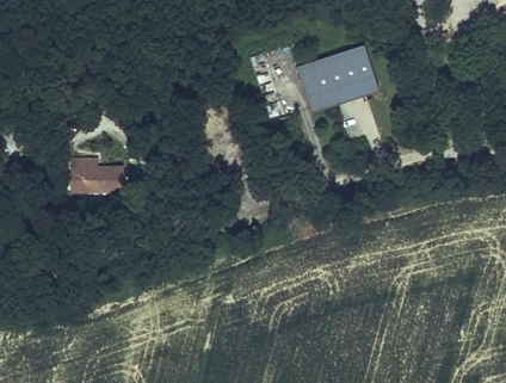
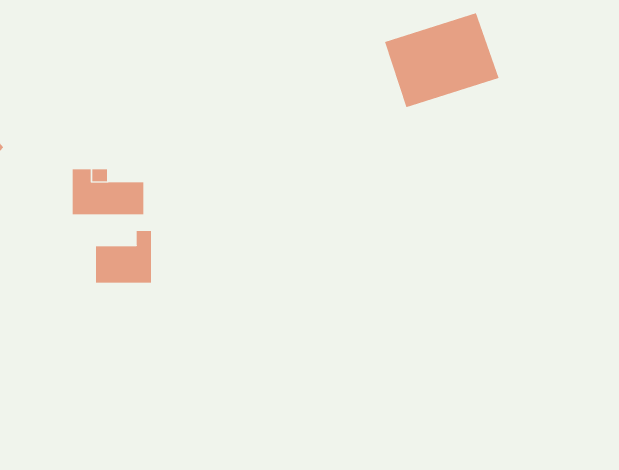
building: none -> [95,230,152,284]

